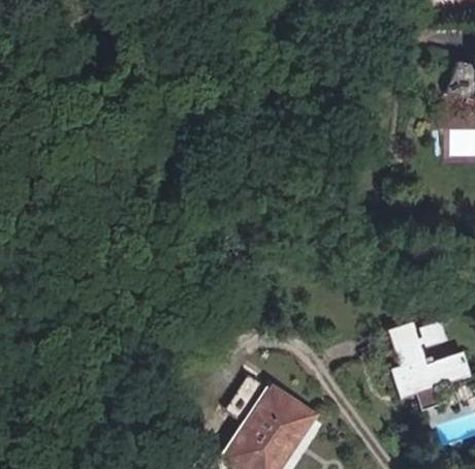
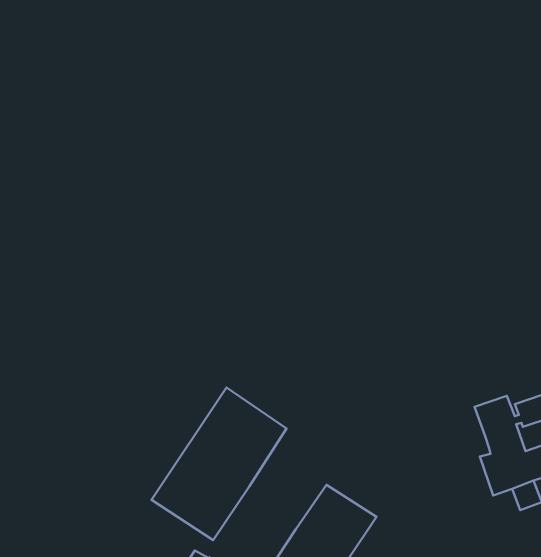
building: none -> [151,387,287,540]

